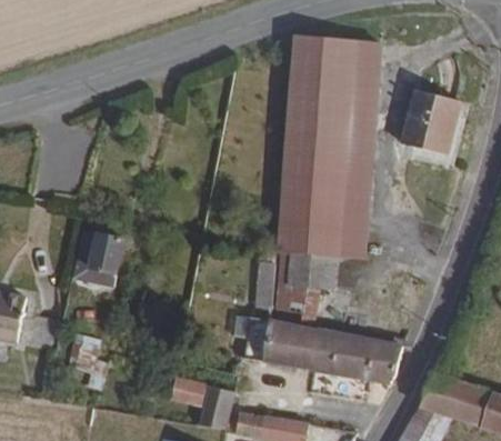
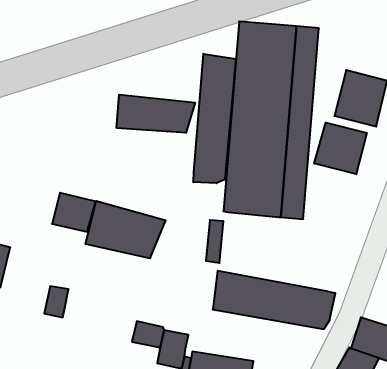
building: none -> [193,54,236,183]
building: none -> [117,95,195,133]
building: none -> [314,123,367,174]
building: none -> [86,201,166,258]
building: [273,251,338,327] -> none

